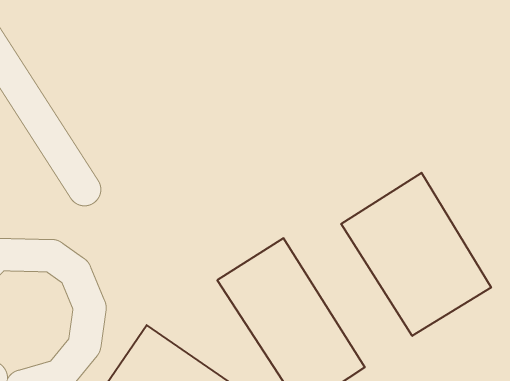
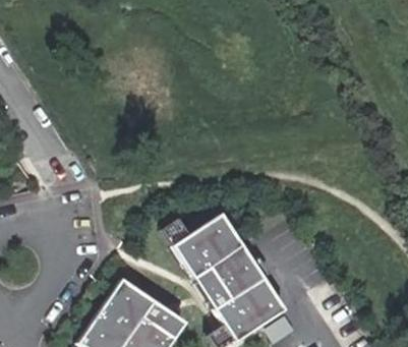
building: [341,173,491,336] -> none

